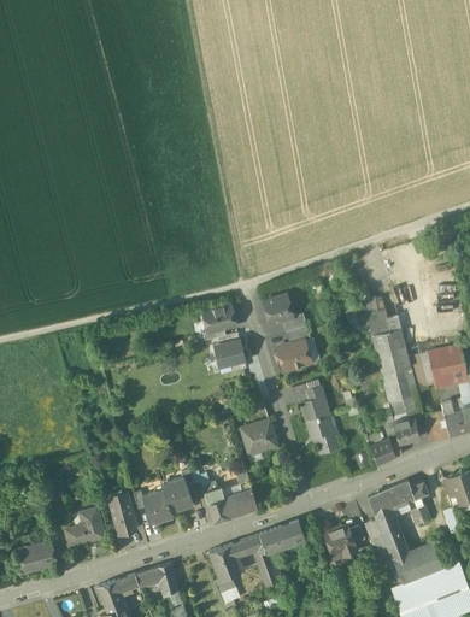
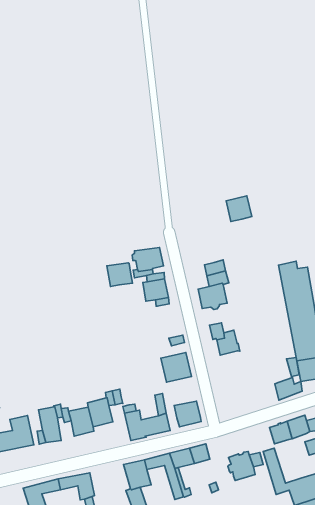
building: [263,293,293,323] -> [226,196,252,221]
building: none -> [107,263,133,286]
building: [306,413,339,452] -> none
building: none -> [174,401,201,427]
building: [375,509,409,558] -> none

